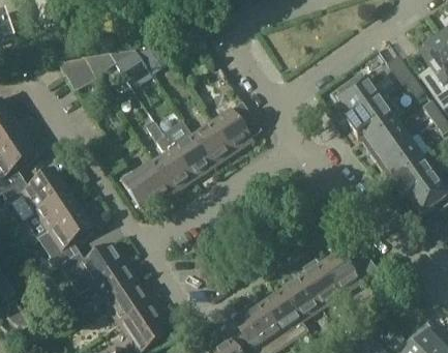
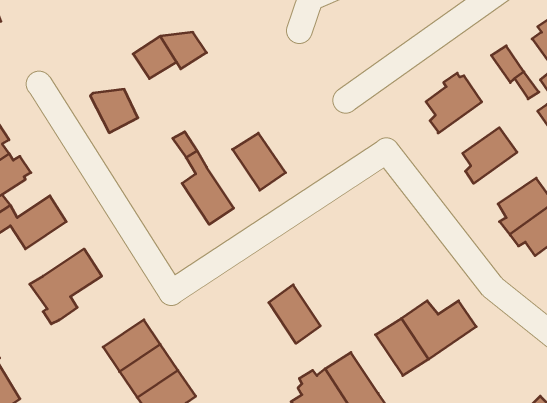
building: [61,55,97,88] -> [90,89,138,133]
building: [348,96,395,136] -> none
building: [212,99,263,150] -> none
building: [173,133,213,177] -> none
building: [376,135,423,174] -> none
building: [120,158,175,204] -> none
building: [26,187,80,235] -> none
building: [61,241,125,291] -> none
building: [282,273,322,318] -> [269,285,320,343]

